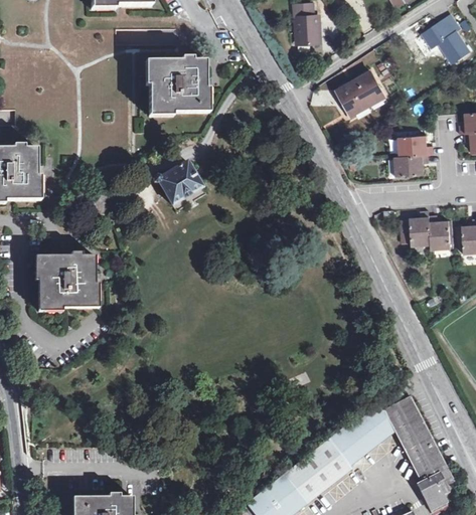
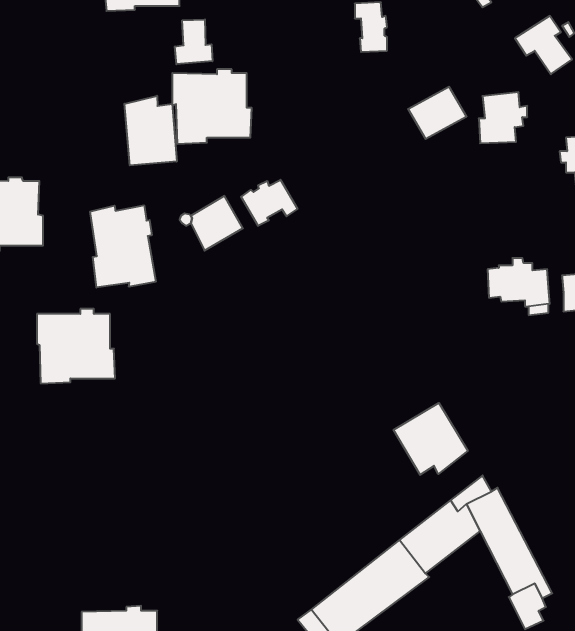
building: none -> [175,19,212,64]
building: none -> [124,96,177,165]
building: [394,134,434,175] -> [479,92,527,143]
building: none -> [241,180,297,226]
building: none -> [90,205,156,288]
building: none -> [394,403,468,475]

